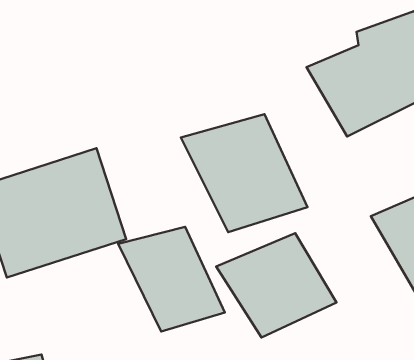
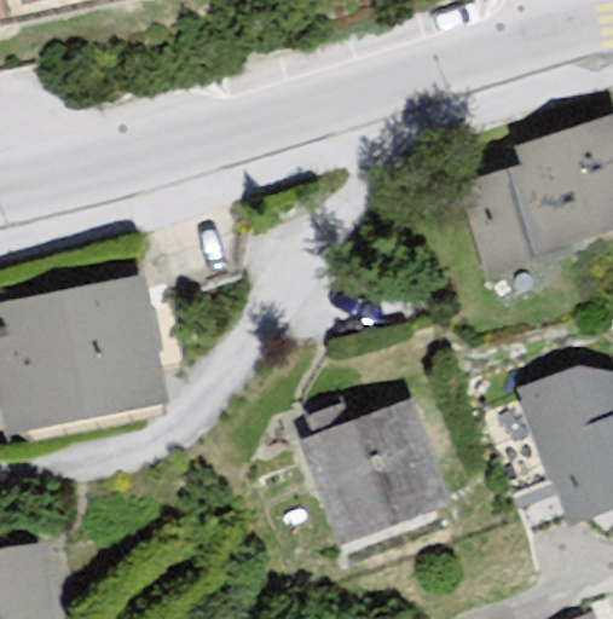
building: [181,114,307,232] -> none
building: [118,227,225,331] -> none

